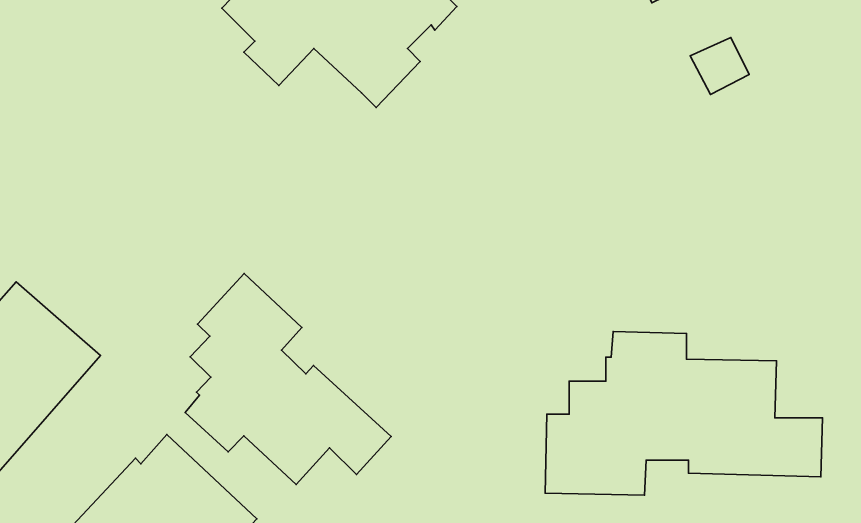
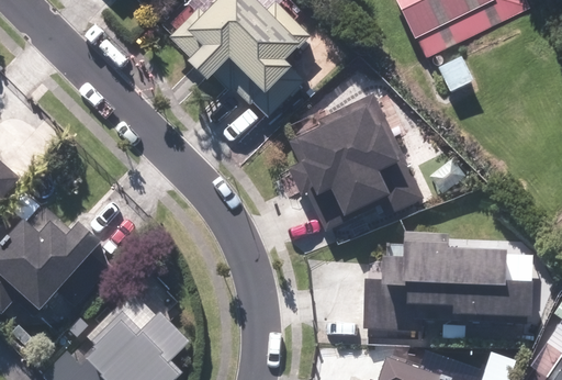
building: none -> [284,94,420,228]
building: [185,274,391,485] -> none

